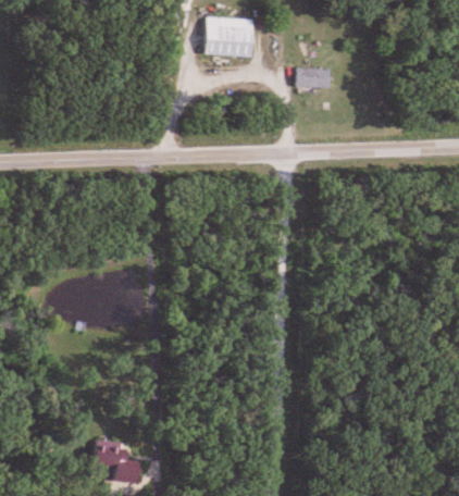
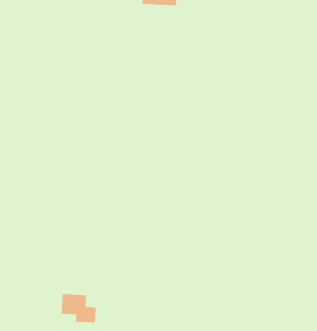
building: [295,67,330,87] -> none

